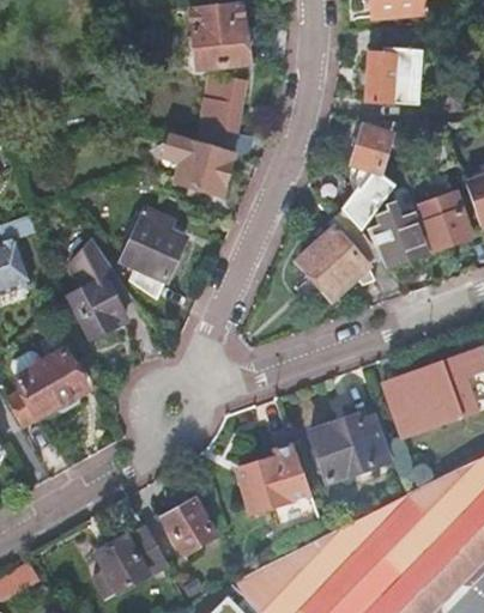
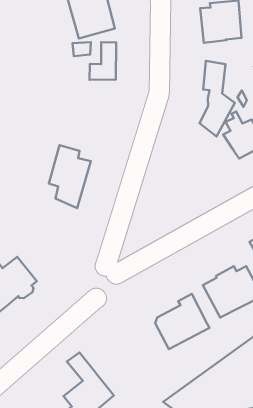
building: [163,134,232,196] -> none
building: [297,211,381,301] -> none
building: [68,239,133,338] -> none
building: [162,499,214,554] -> none

